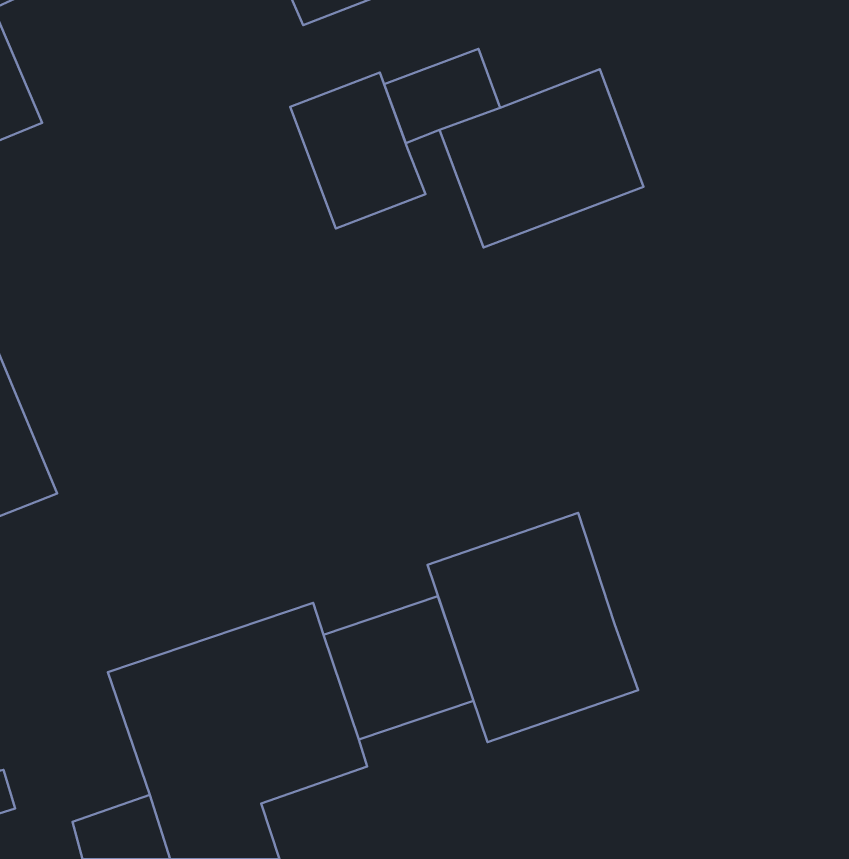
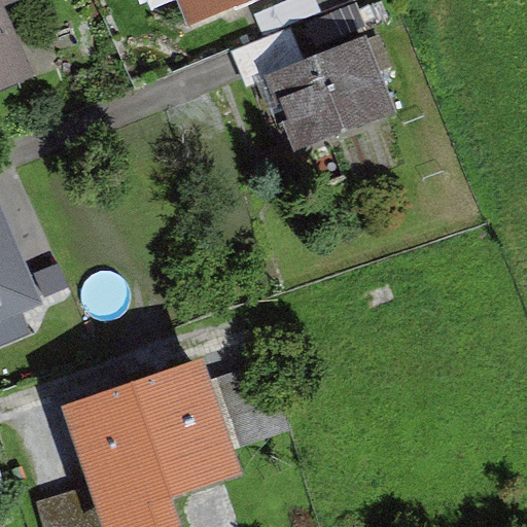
building: [290,73,425,229] -> none
building: [427,513,638,742] -> none

